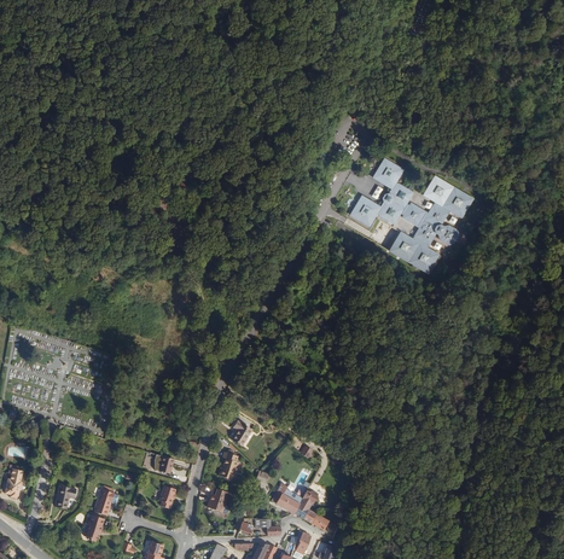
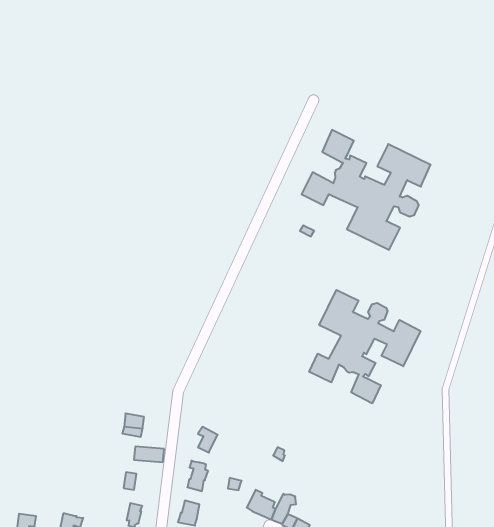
building: none -> [309,290,420,403]

